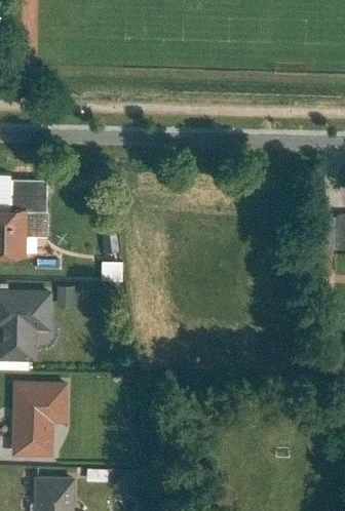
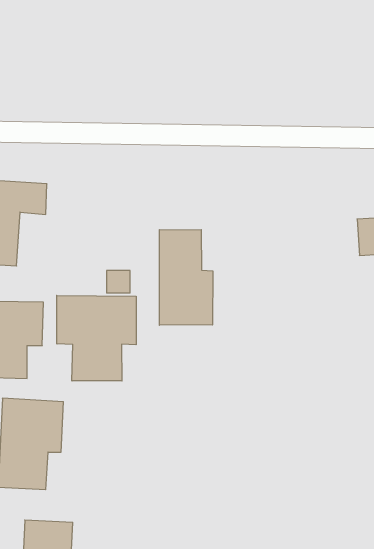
building: none -> [159,230,213,325]
building: none -> [57,295,136,381]

